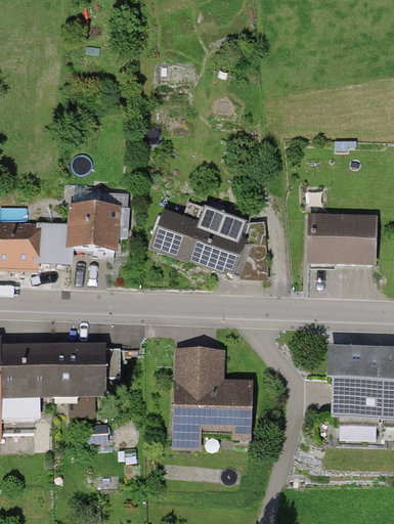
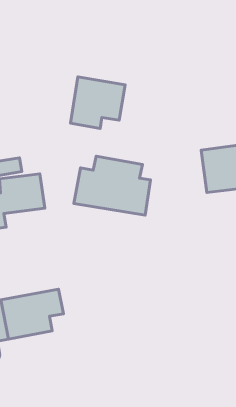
building: none -> [70,77,125,129]
building: [175,349,251,436] -> none

